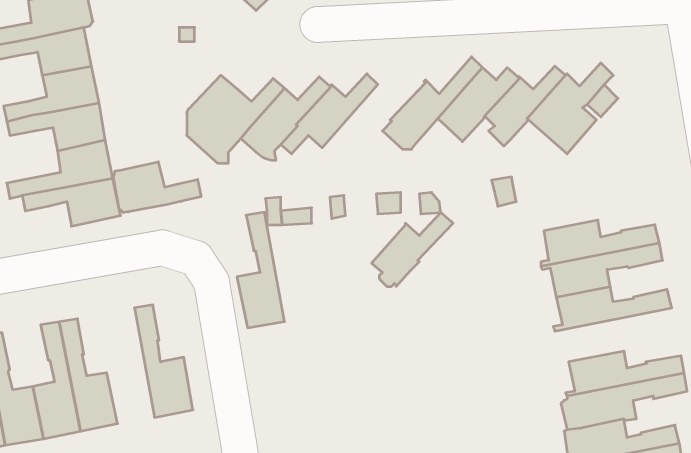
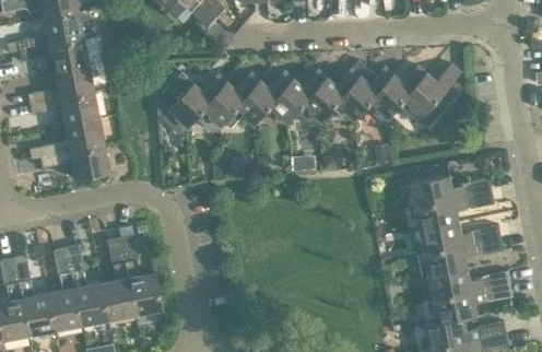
building: [113,162,201,213] -> none
building: [237,212,285,328] -> [101,236,134,318]
building: [372,212,453,286] -> [269,69,327,121]
building: none -> [419,236,504,277]

